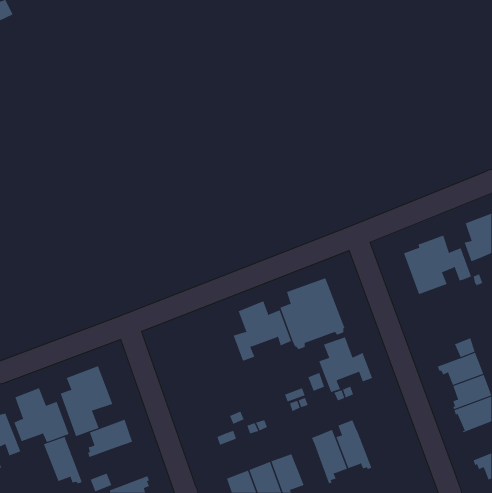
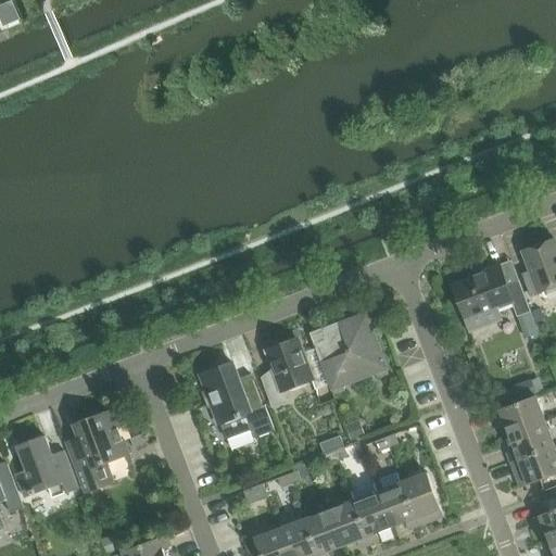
building: none -> [200,363,273,439]
building: [318,336,373,393] -> none
building: [88,419,133,458] -> none
building: none -> [401,471,443,526]
building: [43,436,82,484] -> none
building: none -> [328,500,369,546]

